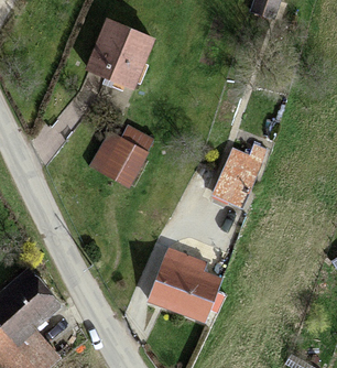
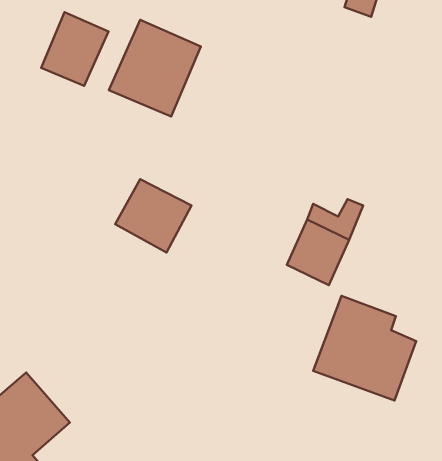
building: none -> [41,12,109,86]
building: [148,248,220,322] -> [313,296,416,400]

